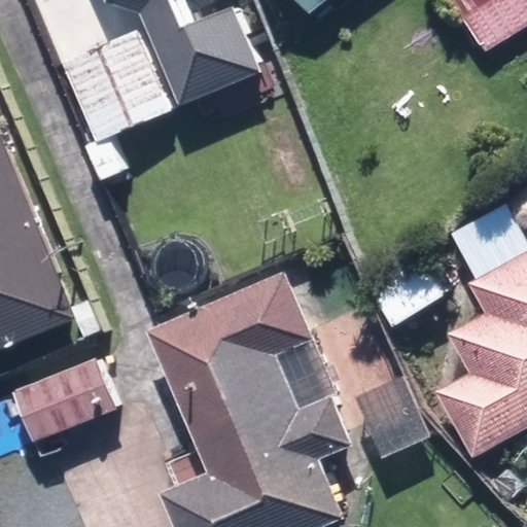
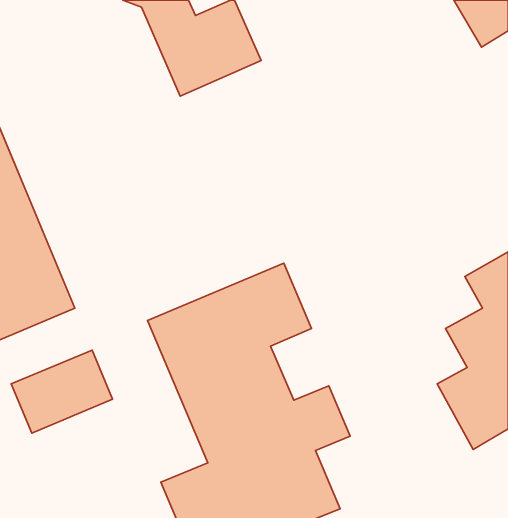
building: [60,29,173,147] -> none

